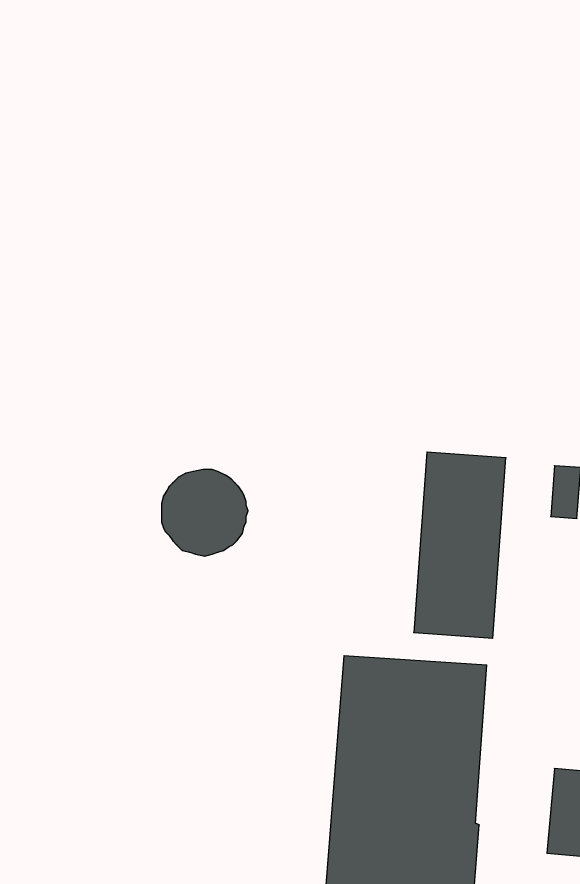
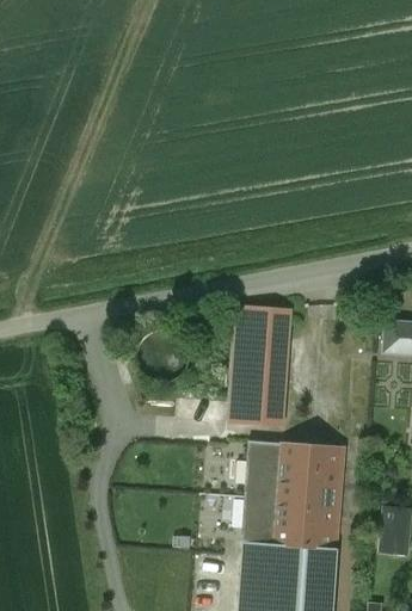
building: [414,452,506,638] -> [232,306,290,424]

